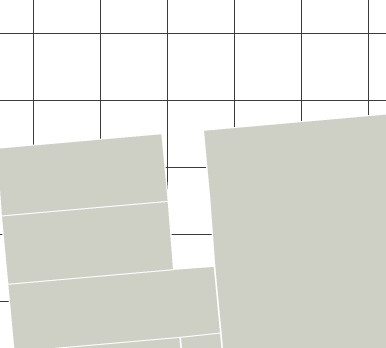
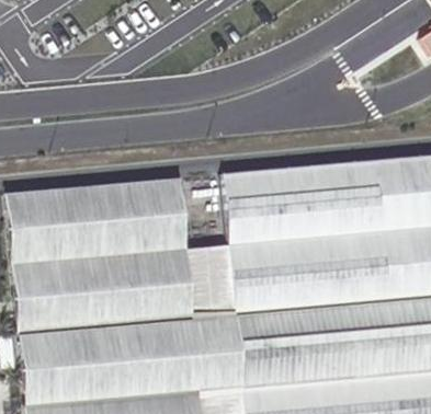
building: none -> [189,245,237,320]

